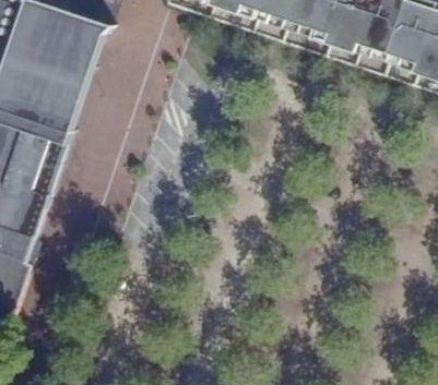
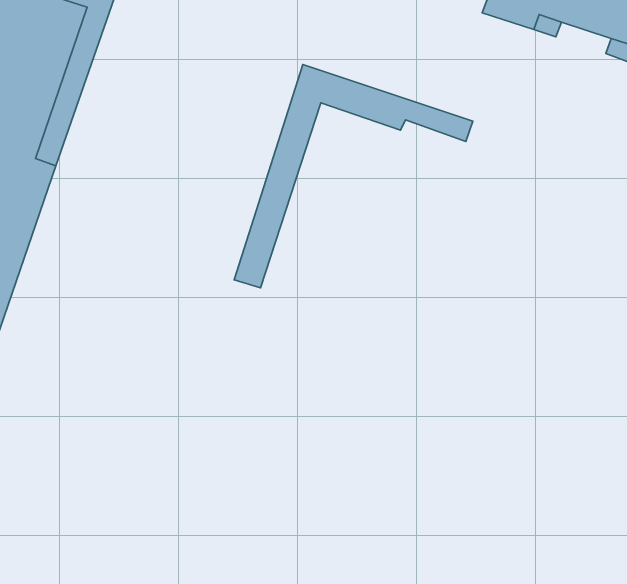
building: none -> [234,65,473,288]

